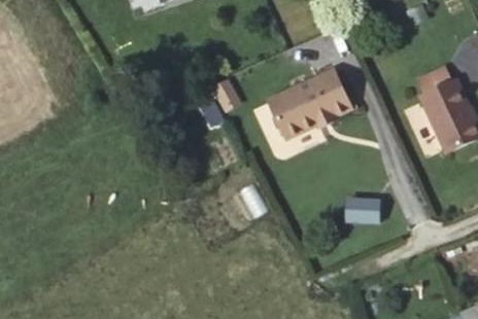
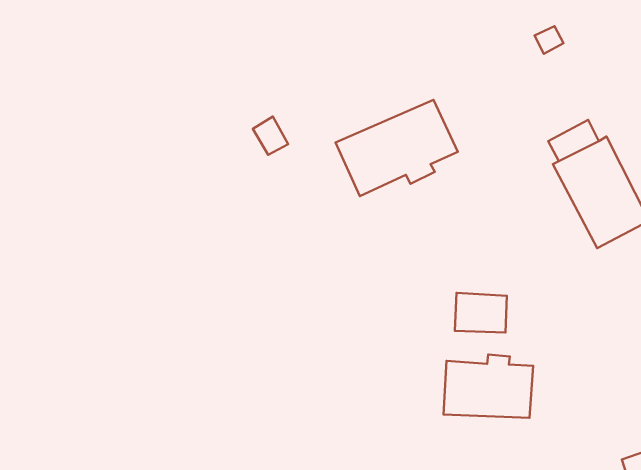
building: none -> [444,354,533,418]

